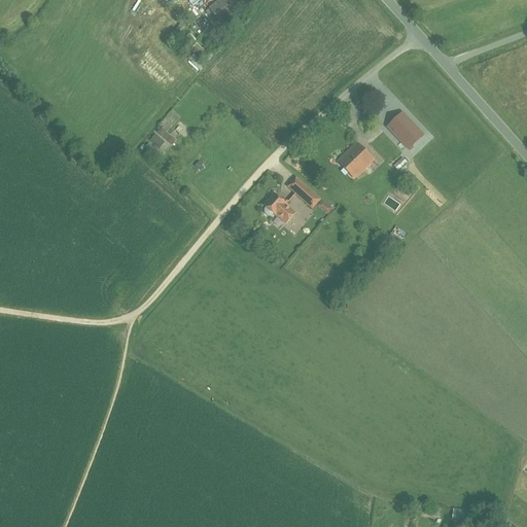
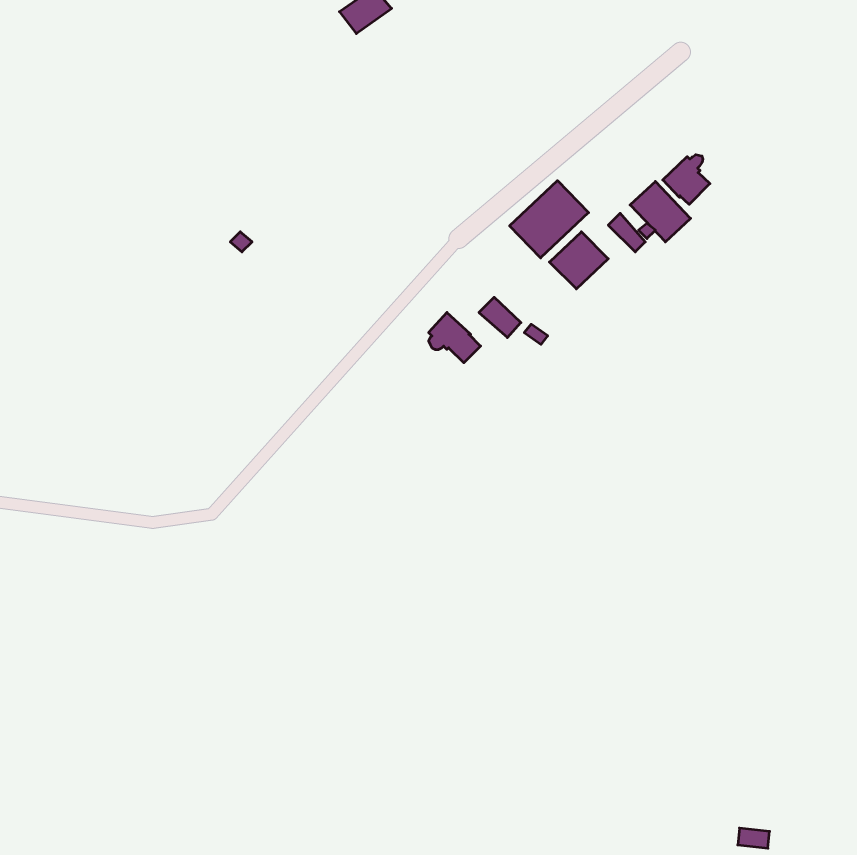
building: none -> [663,155,710,204]
building: none -> [510,181,589,258]

